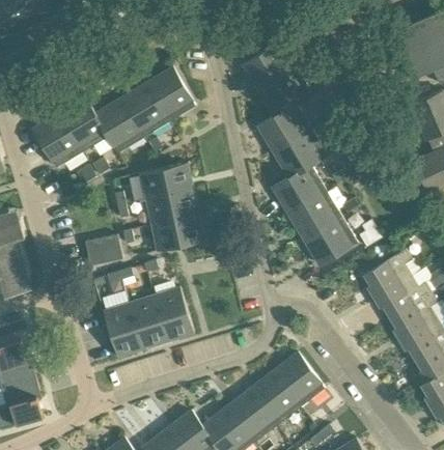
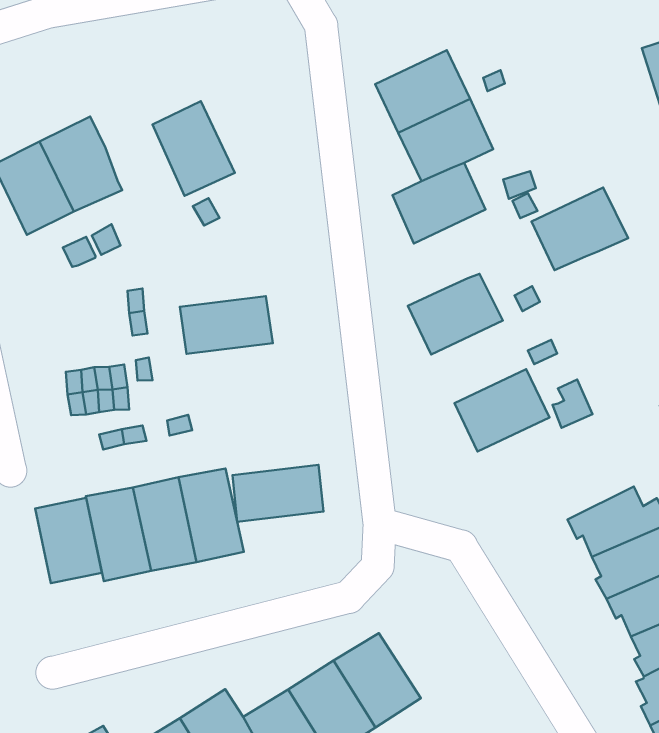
building: [145,67,194,121] -> none
building: [94,99,141,151] -> none
building: [272,129,327,177] -> [531,188,628,270]
building: [139,162,192,199] -> none
building: [287,190,341,238] -> none
building: [150,215,203,251] -> [232,465,324,522]
building: [362,250,408,298] -> none
building: none -> [35,498,102,583]
building: [273,353,324,405] -> none

